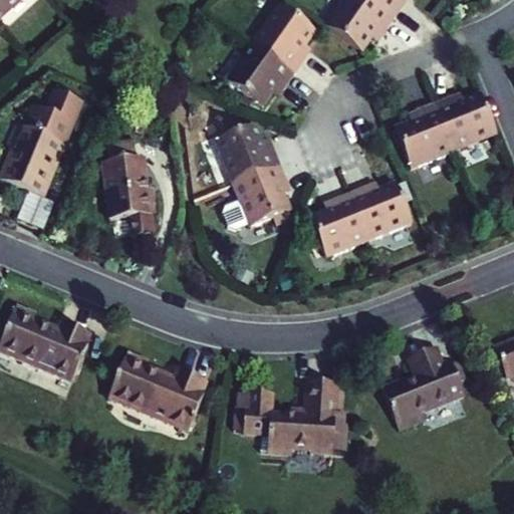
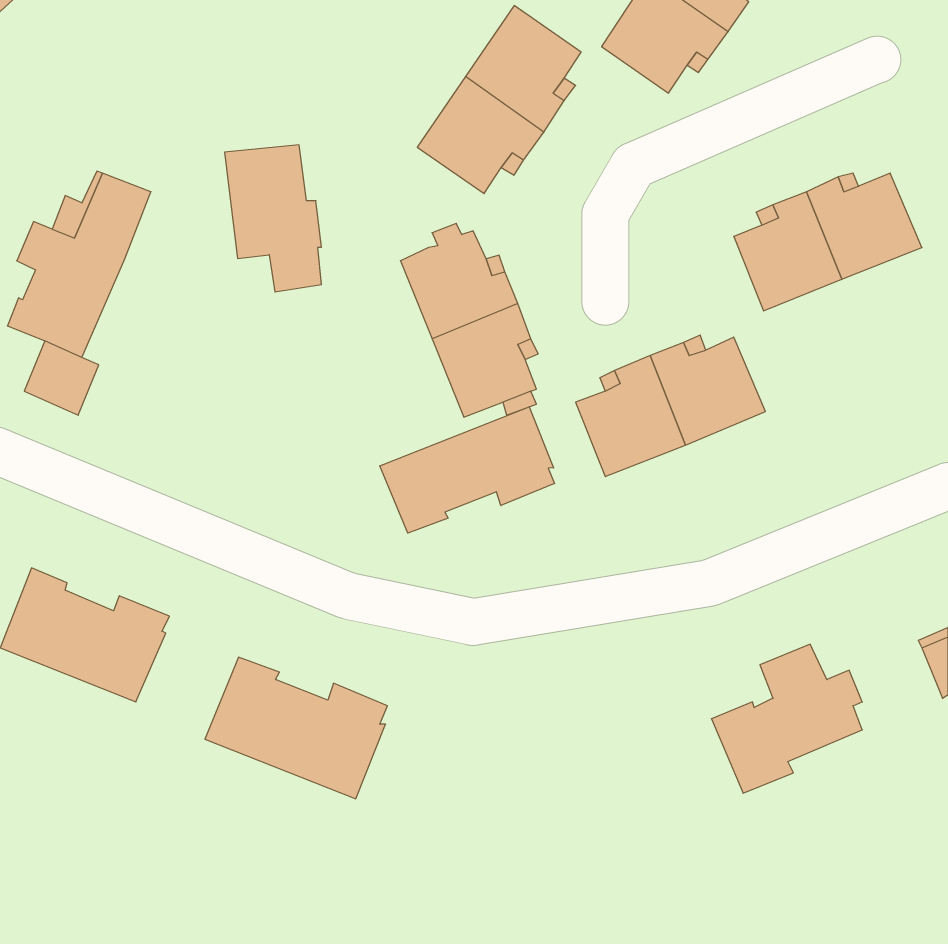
building: [101,158,154,237] -> [225,145,321,292]
building: none -> [380,407,554,533]
building: [245,381,338,454] -> none

